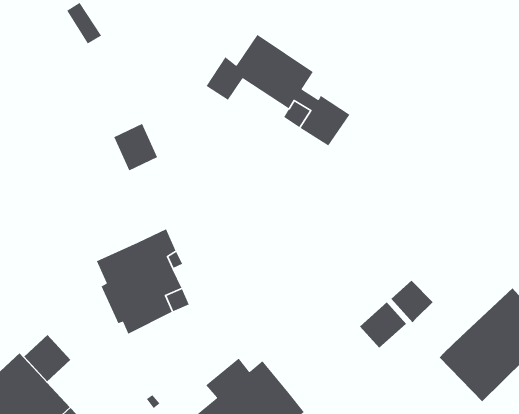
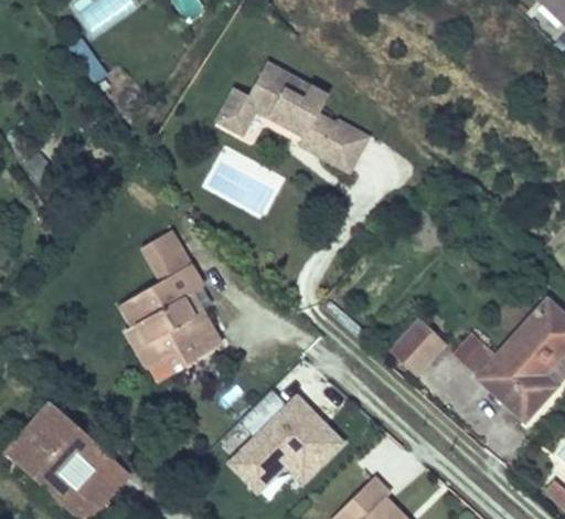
building: [113,123,158,172] -> [142,232,190,283]
building: [390,280,434,323] -> [454,332,498,377]
building: [23,334,71,382] -> none

